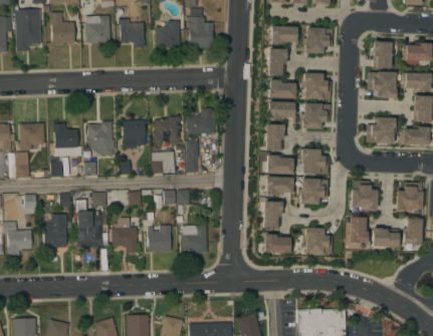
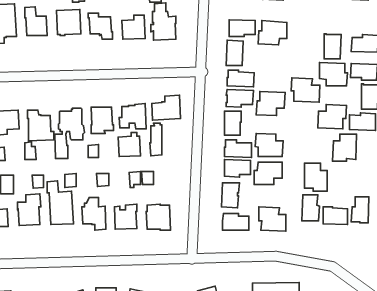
building: [300,73,332,99] -> [291,78,320,102]
building: [396,183,422,212] -> [332,134,357,161]

